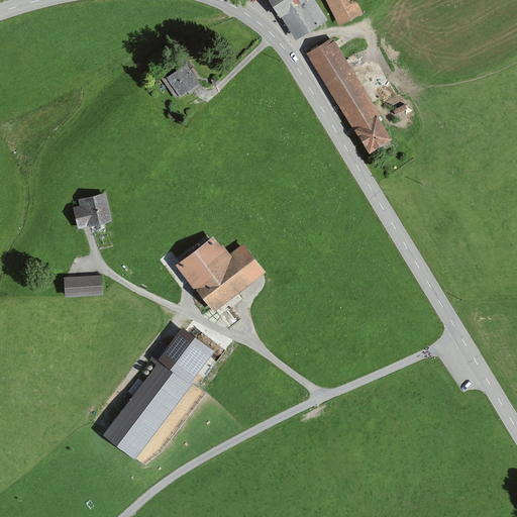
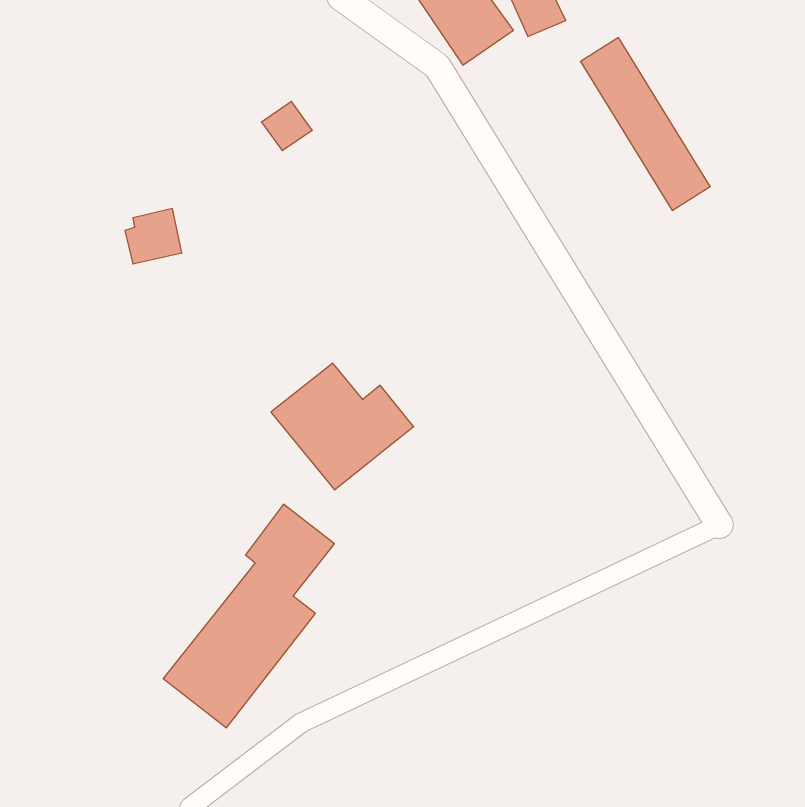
building: [308,39,391,149] -> [580,38,710,210]
building: [73,192,109,227] -> [125,208,182,264]
building: [63,275,103,296] -> none

